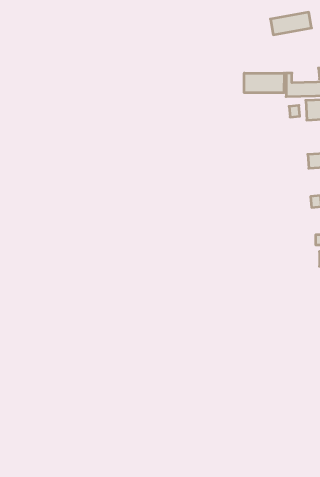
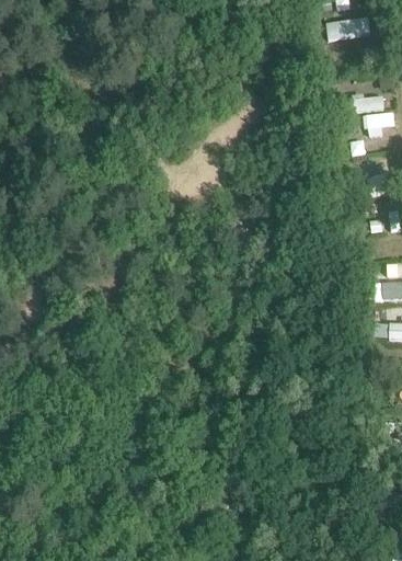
building: [244,73,284,93] -> none

